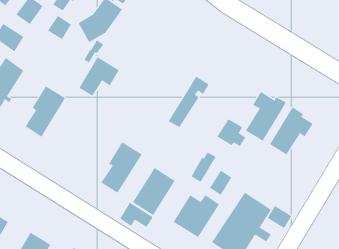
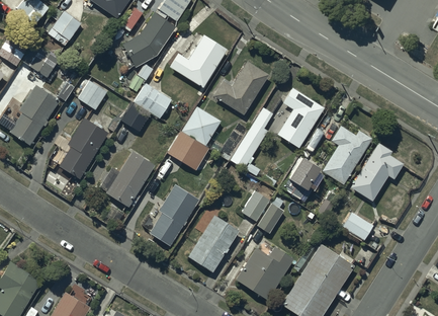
building: [47,15,72,40] -> [78,80,107,109]
building: none -> [171,34,227,87]
building: none -> [212,61,268,114]
building: none -> [277,88,324,148]
building: none -> [168,106,221,170]
building: none -> [99,151,156,207]
building: [209,170,232,195] -> [242,190,269,221]
building: [119,202,153,228] -> none
building: [267,205,292,229] -> [342,212,372,240]

